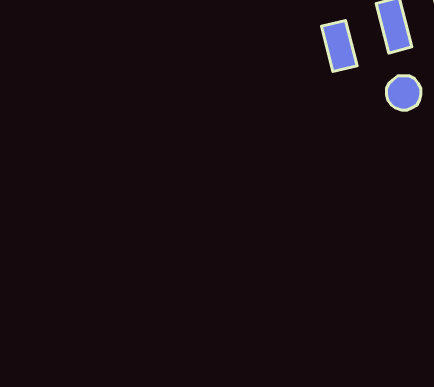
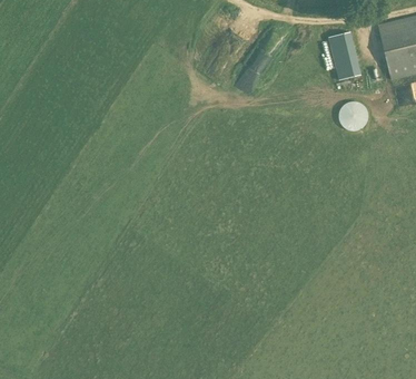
building: [321,20,357,71] -> none

